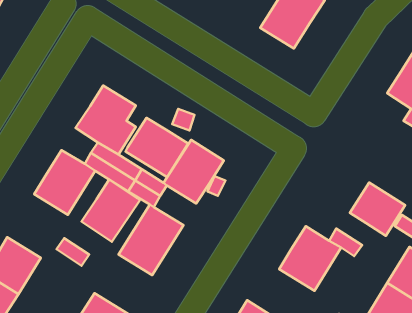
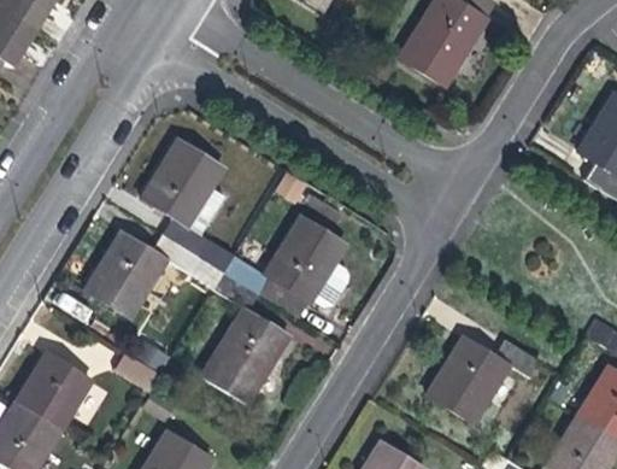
building: [125,118,188,177] -> none
building: [82,180,140,242] -> none
building: [350,182,405,236] -> none

